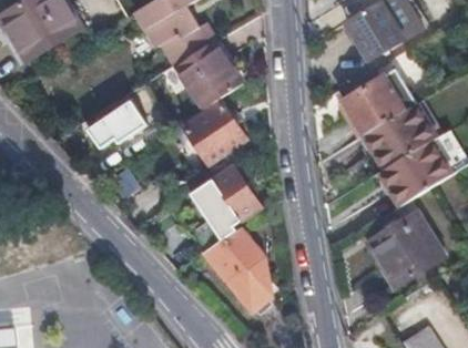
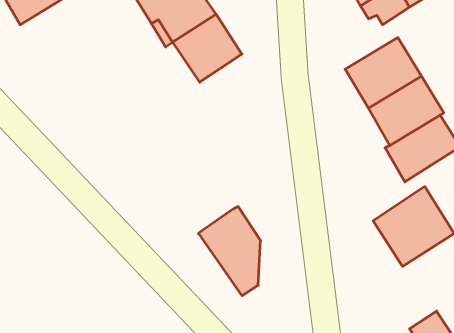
building: [184,101,245,161] -> none
building: [93,106,150,153] -> none
building: [190,165,260,249] -> none

